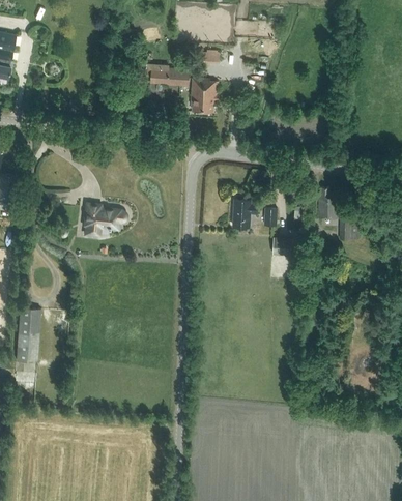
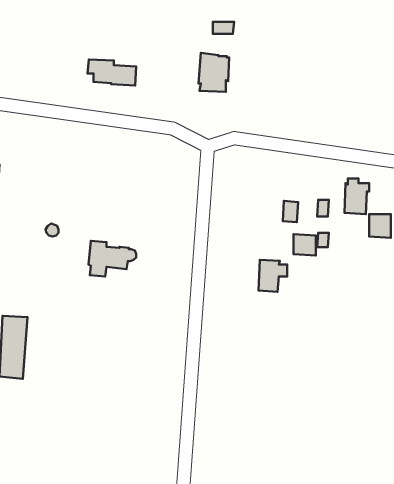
building: [145,63,188,86] -> [88,59,136,85]
building: [232,199,257,227] -> [259,260,287,292]
building: [84,204,125,235] -> [89,241,136,276]

